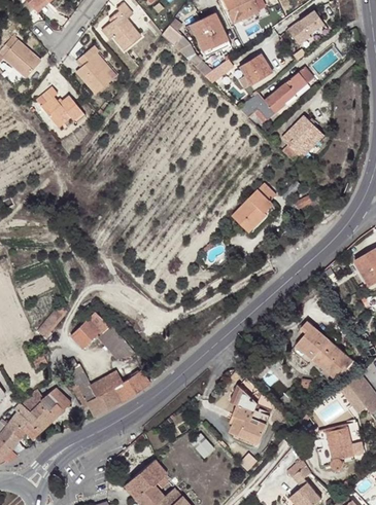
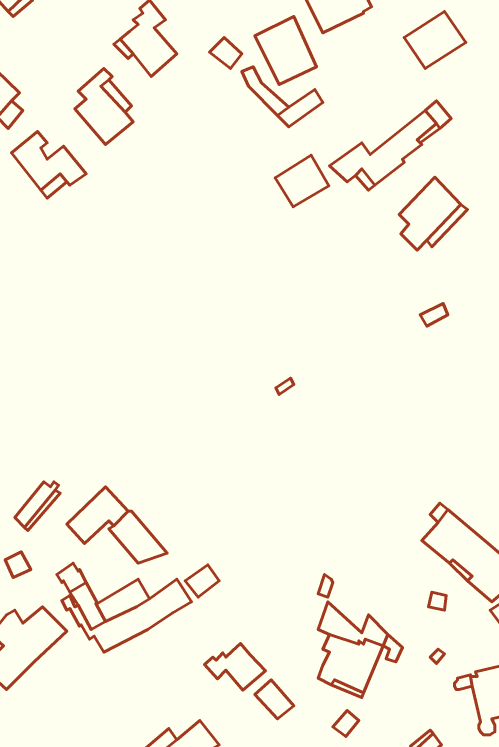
building: [239,52,273,85] -> [275,155,329,207]
building: [233,183,276,232] -> none
building: none -> [205,644,265,690]

